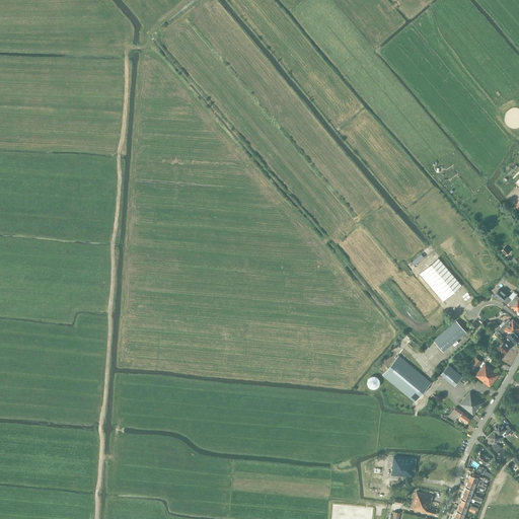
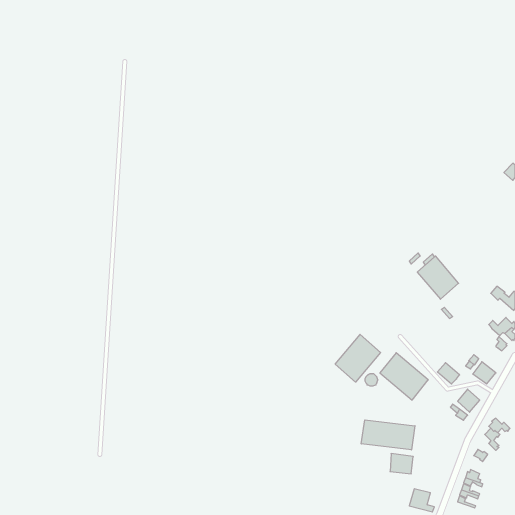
building: [434,321,466,352] -> none
building: none -> [335,334,381,382]
building: none -> [361,420,415,450]

